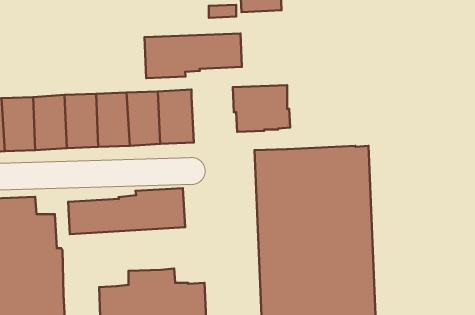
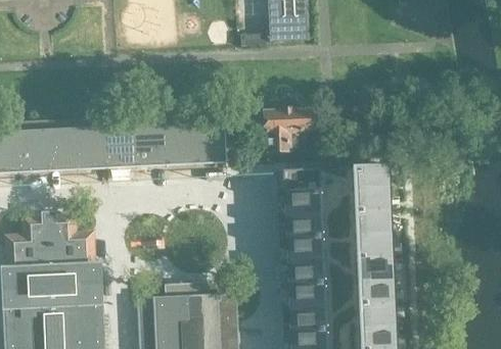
building: [145,33,242,78] -> none
building: [68,188,185,234] -> none

